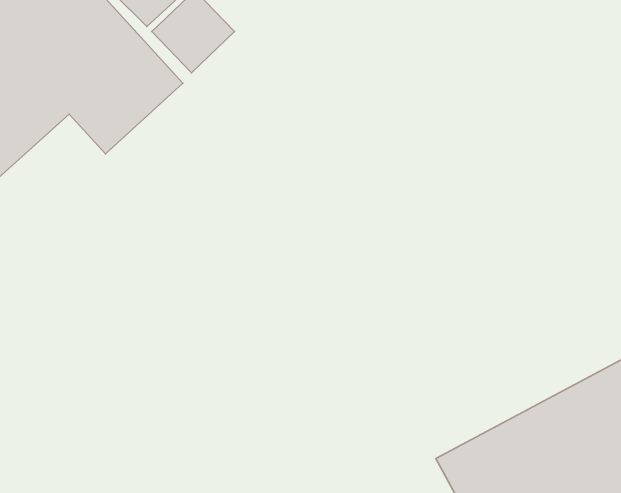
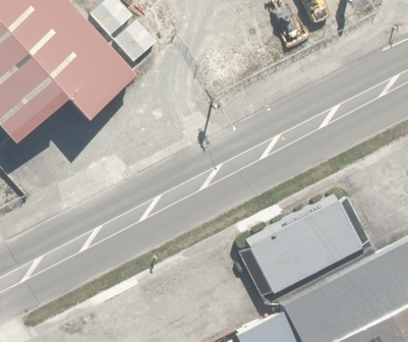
building: none -> [248,195,356,296]

